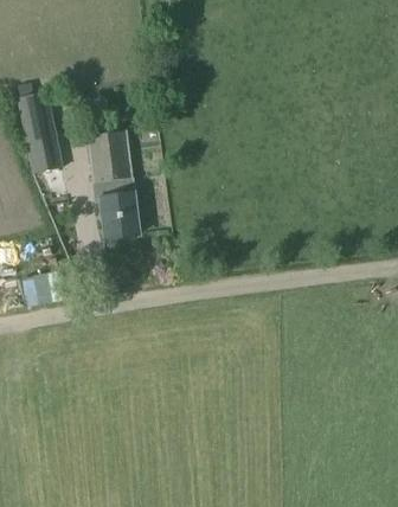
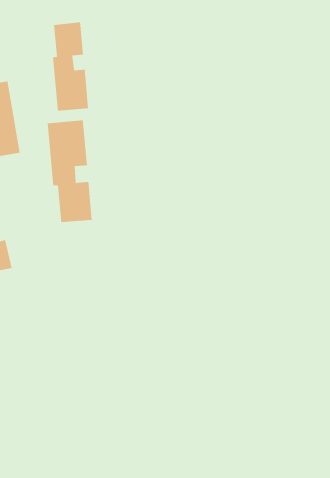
building: none -> [53,21,88,111]

